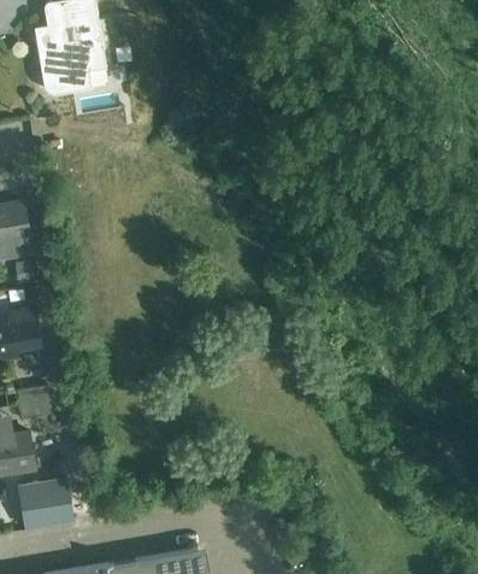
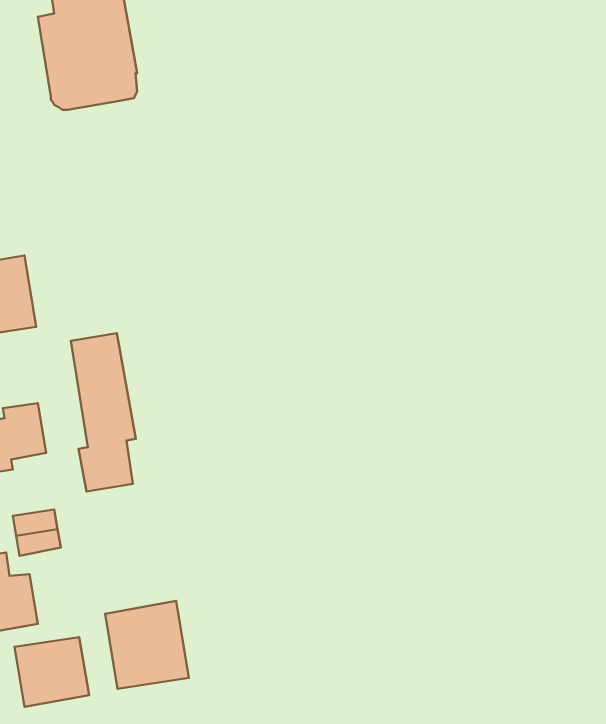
building: none -> [71,333,136,491]
building: none -> [105,601,189,689]

